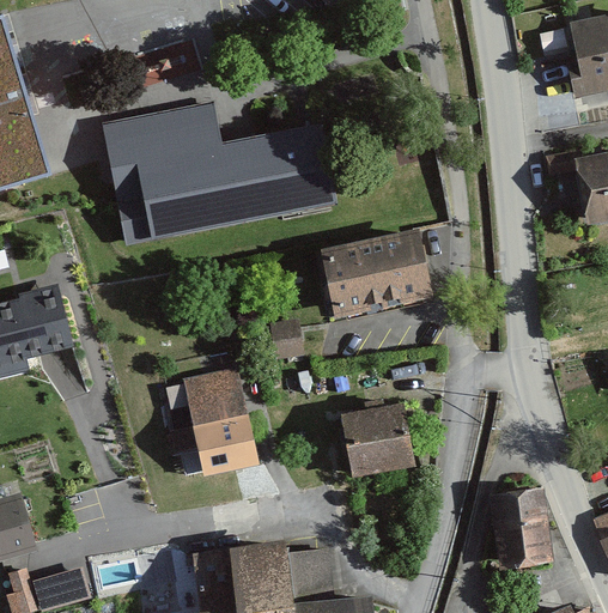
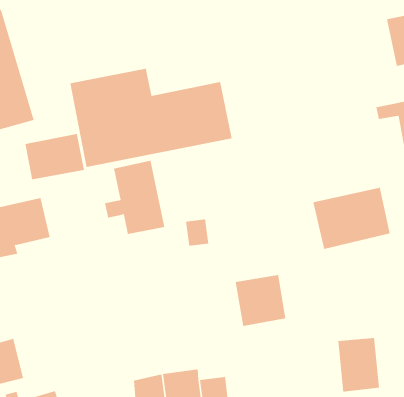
building: none -> [25,133,85,180]
building: [321,227,433,317] -> [313,187,390,249]
building: [170,368,259,475] -> [104,160,165,235]

